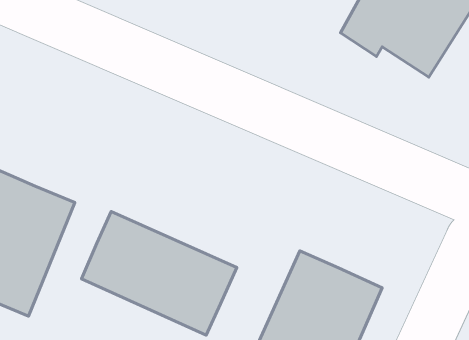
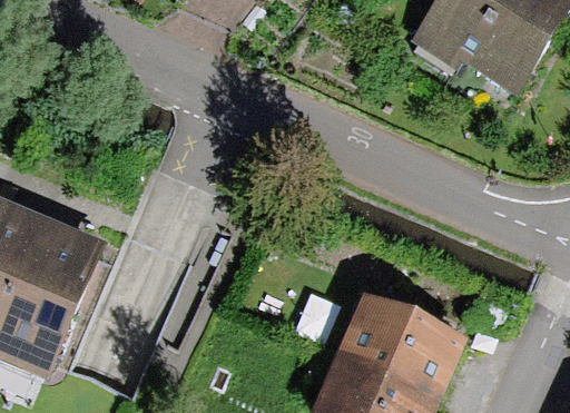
building: [81,212,237,335] -> none

